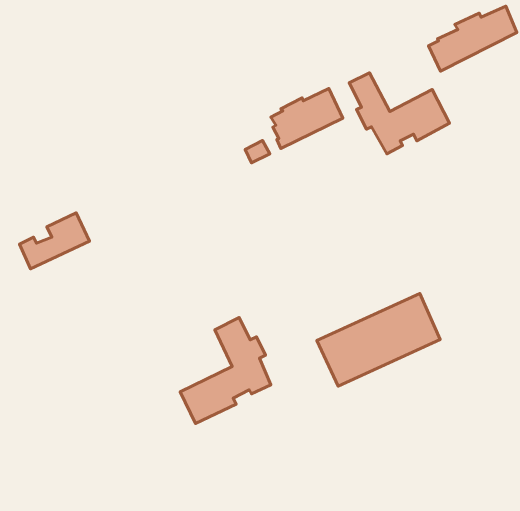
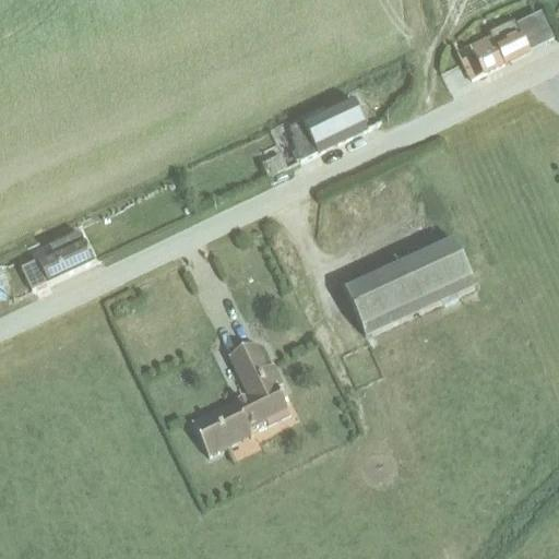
building: [349,73,450,154] -> none
building: [317,294,440,386] -> [344,235,476,334]

